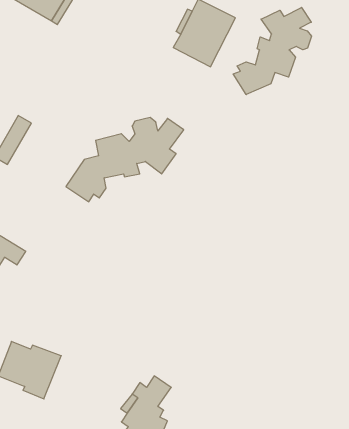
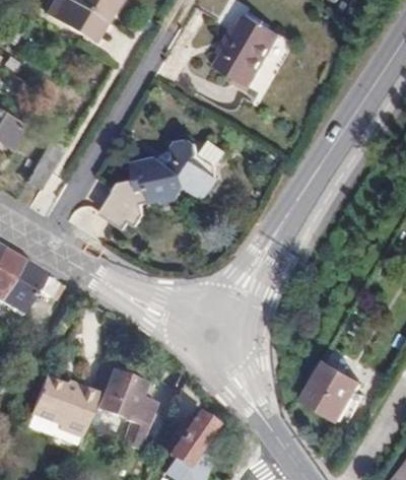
building: [233,7,311,95] -> none
building: none -> [304,360,363,420]
building: none -> [94,368,156,450]

